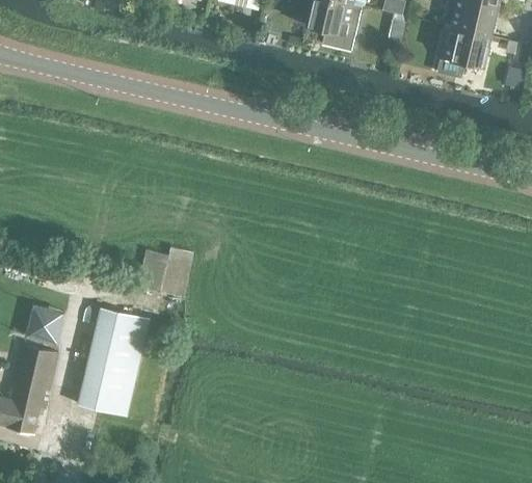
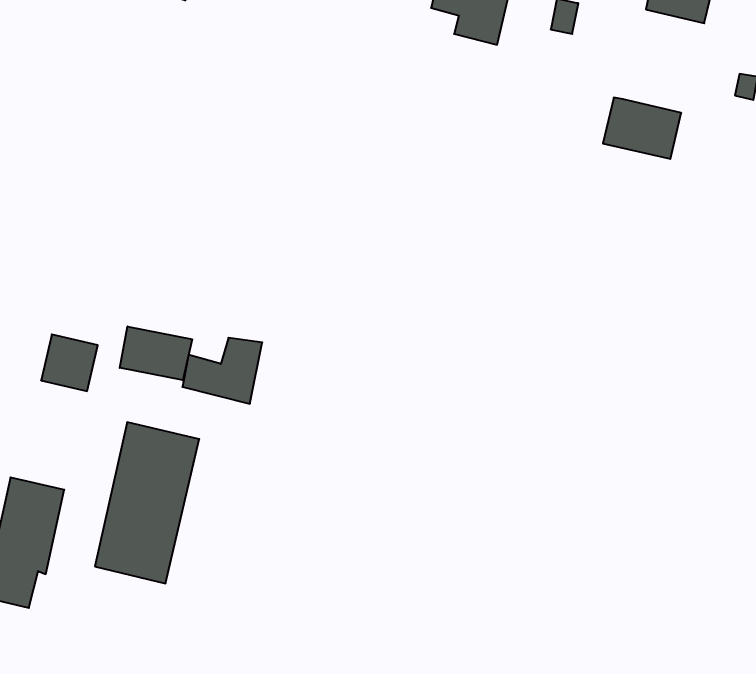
building: [437,25,490,66] -> [603,98,681,159]
building: none -> [120,326,192,380]
building: [25,304,63,343] -> [41,334,98,391]

